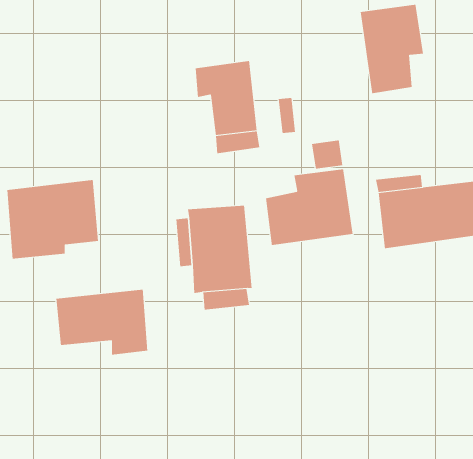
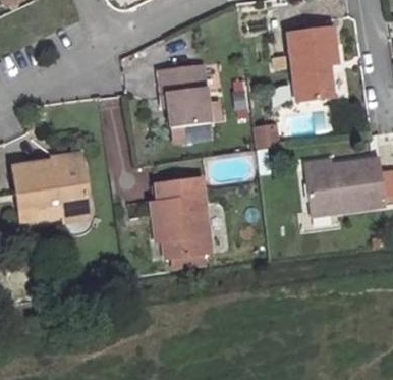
building: [265,169,353,246] -> none
building: [56,289,148,356] -> none

